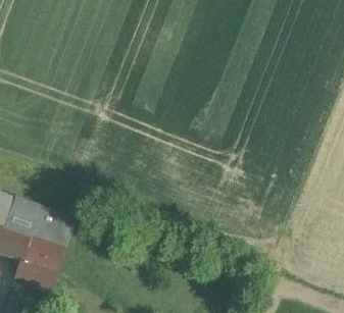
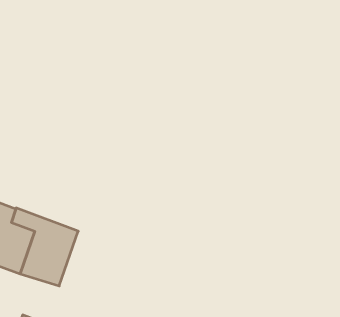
building: [13,259,56,292] -> none

